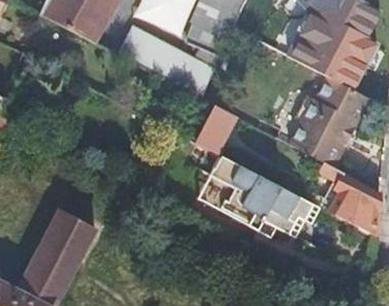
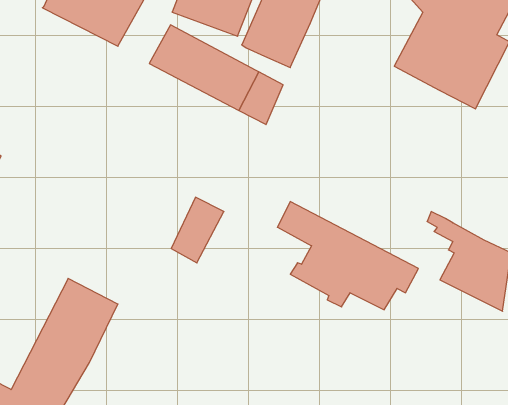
building: [290,73,370,166] -> none
building: [197,104,235,152] -> [171,197,224,263]

